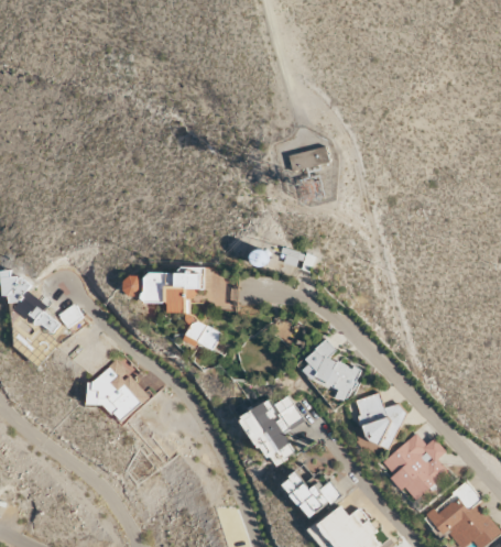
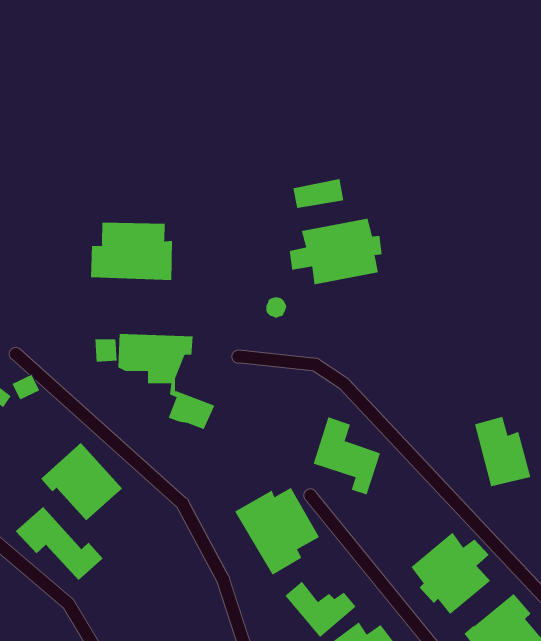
building: none -> [289,218,382,285]
building: none -> [90,222,173,281]
building: [355,393,401,450] -> [474,416,531,487]
building: none -> [15,506,103,581]

